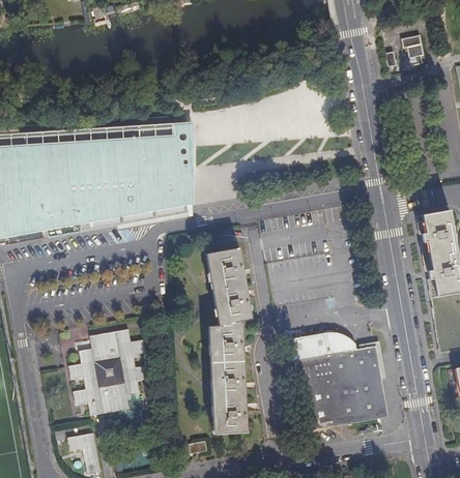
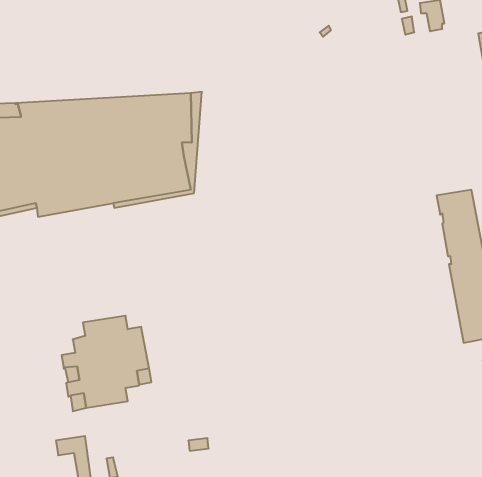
building: [205,247,250,431] -> none
building: [291,334,390,432] -> none

